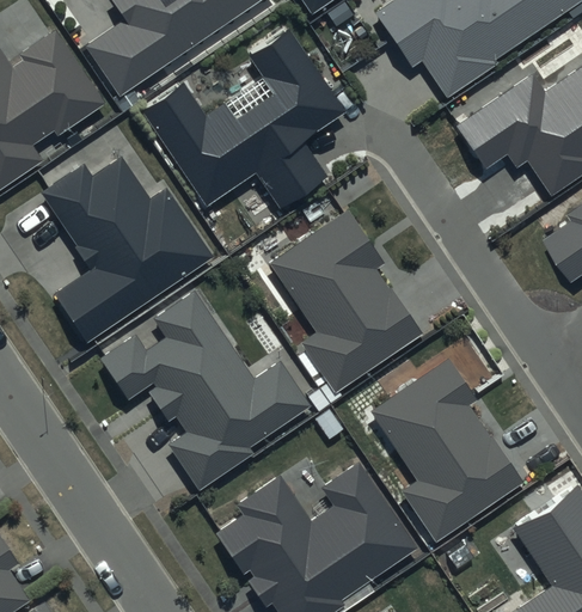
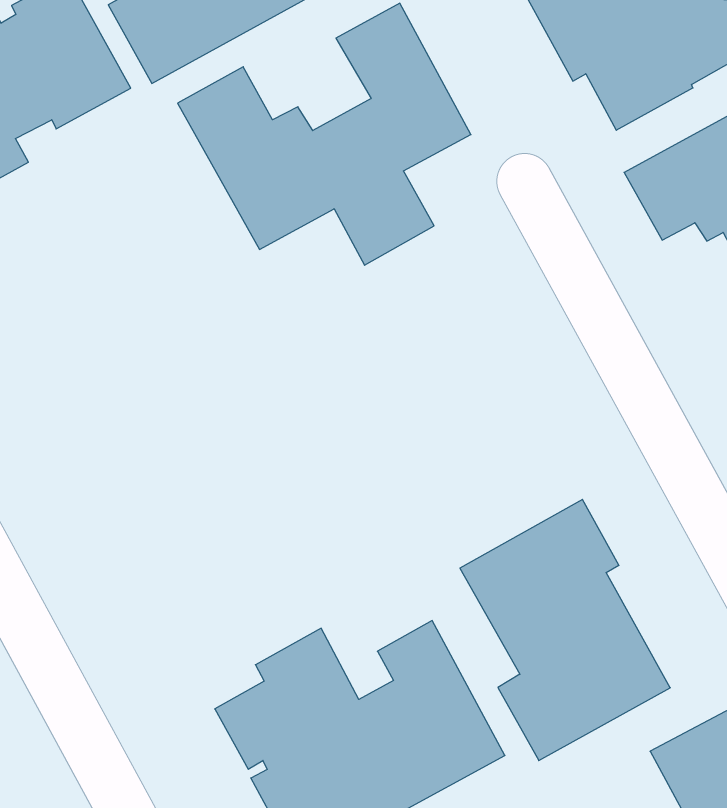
building: [41,155,214,341] -> none
building: [269,208,421,390] -> none
building: [100,292,312,490] -> none

